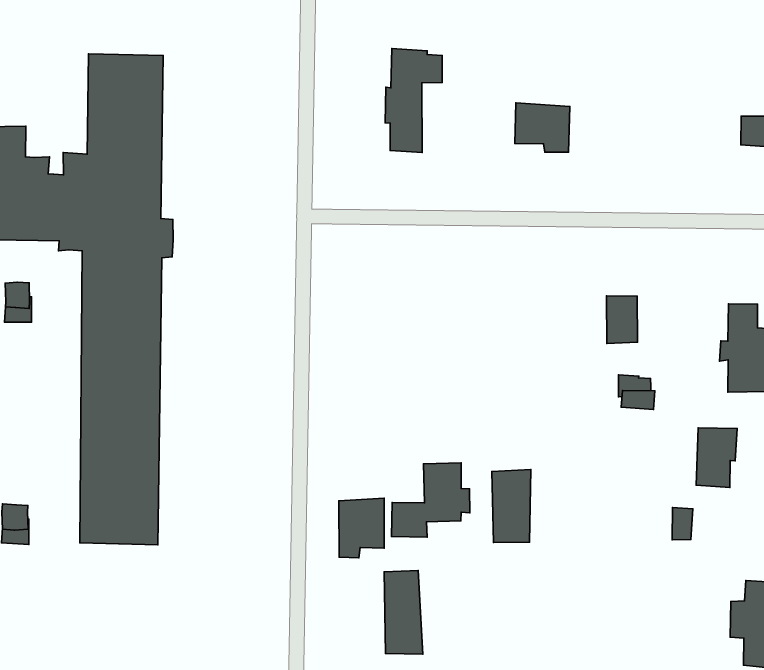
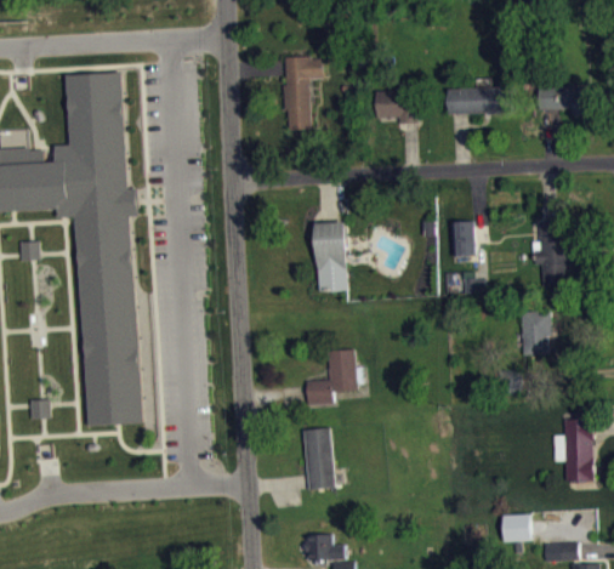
building: none -> [447,87,511,114]
building: none -> [314,223,346,291]
building: [492,470,531,542] -> none
building: [339,498,384,558] -> none

